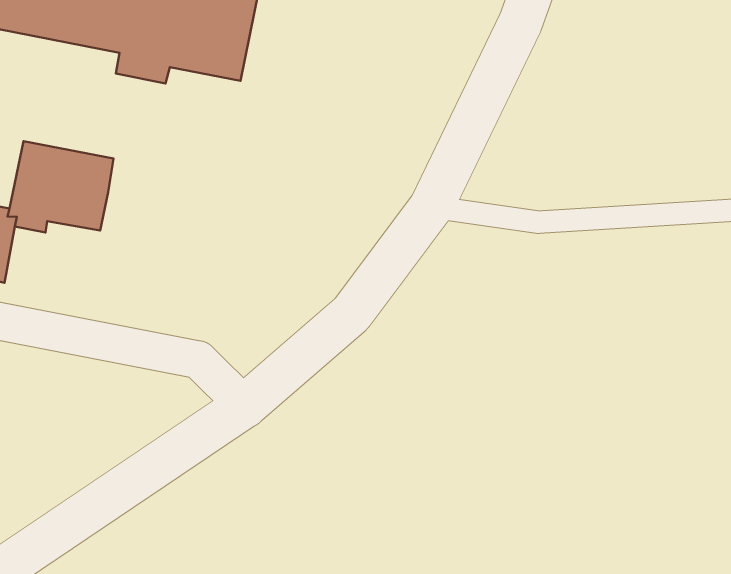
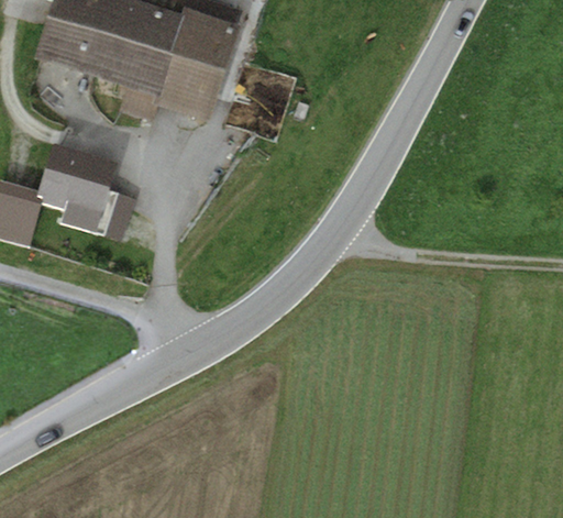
building: none -> [56,187,134,239]

